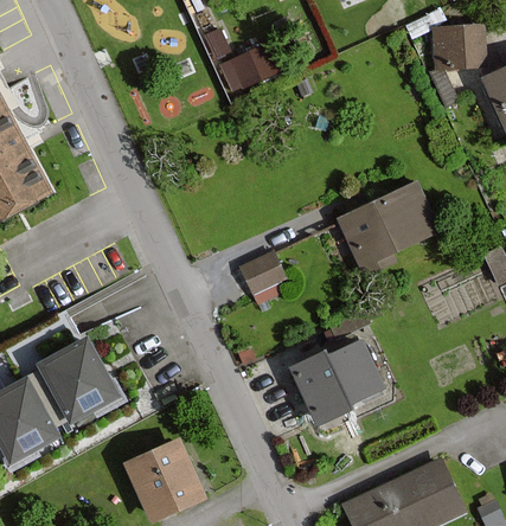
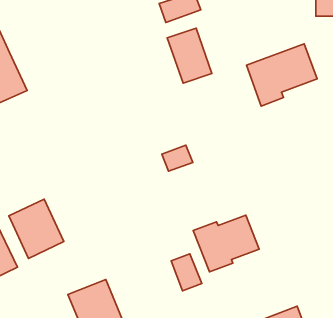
building: none -> [167,28,212,83]
building: [339,185,436,274] -> [247,44,317,106]
building: none -> [171,254,202,291]

